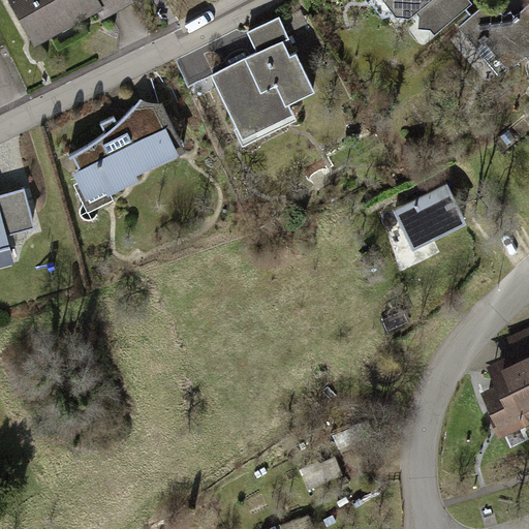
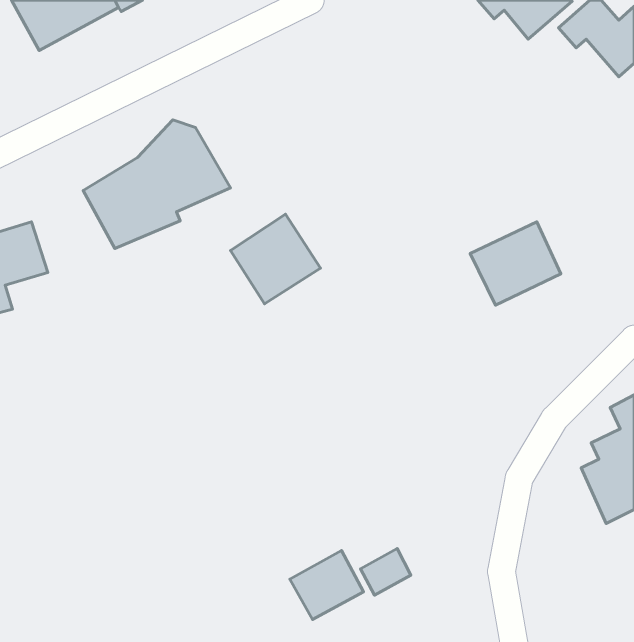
building: [213,14,319,138] -> none
building: none -> [231,214,321,304]
building: none -> [290,551,364,619]

